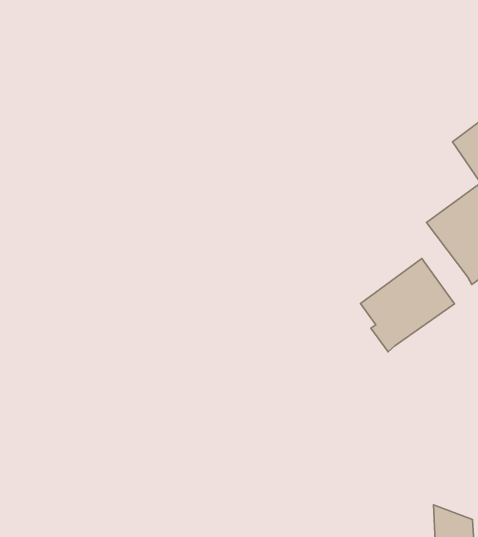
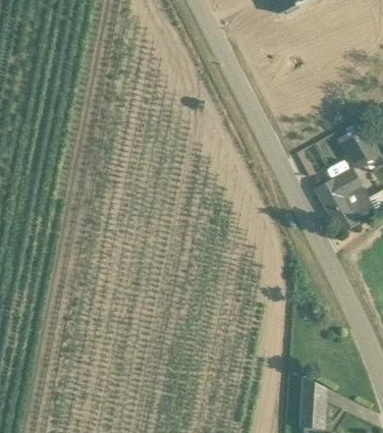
building: [360,259,455,352] -> none

